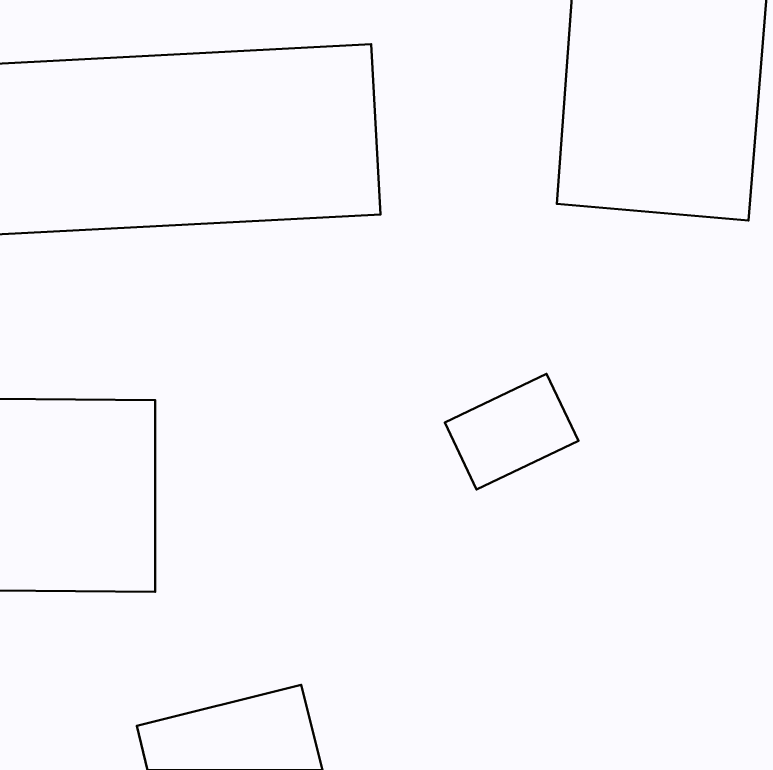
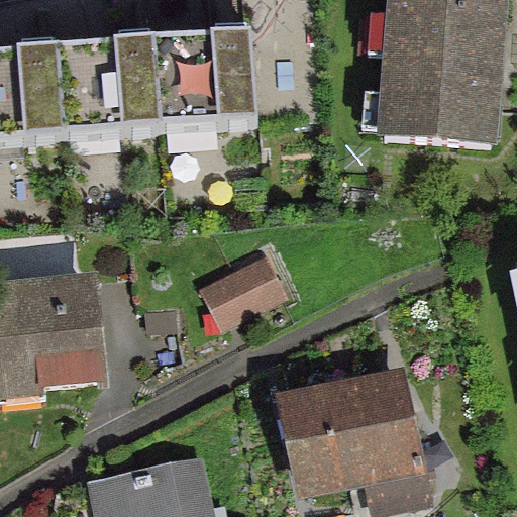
building: [445,374,579,490] -> [200,257,289,334]
building: none -> [282,366,421,502]

